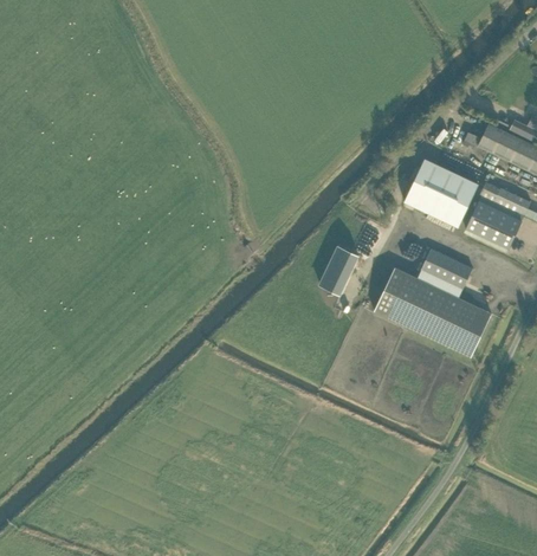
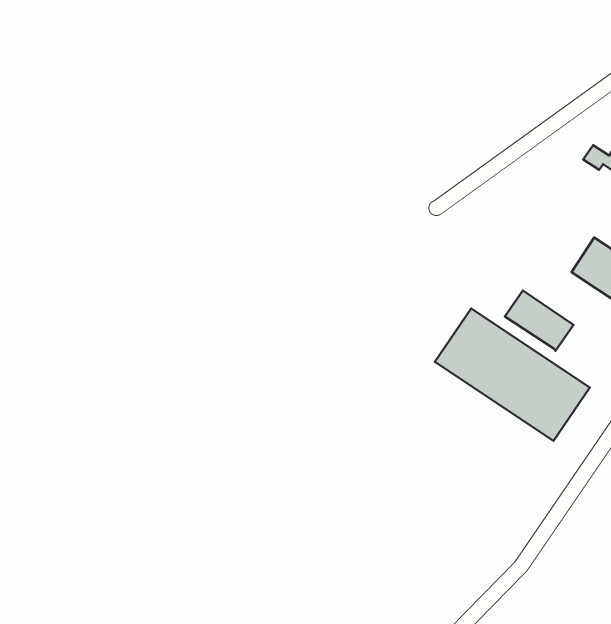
building: [403,159,478,227] -> none
building: [318,245,358,295] -> none

